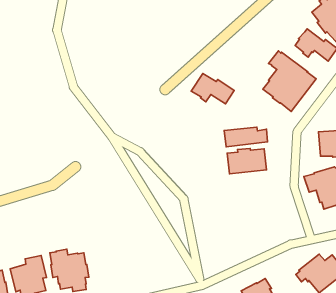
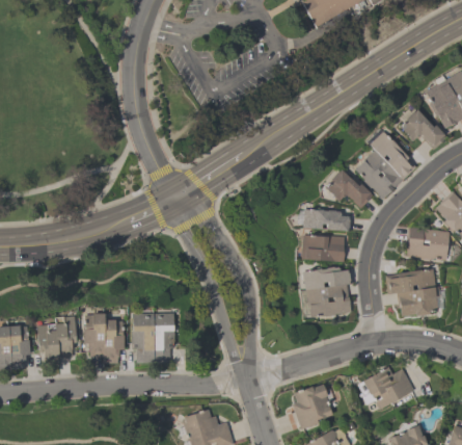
building: [191,74,234,104] -> [323,169,372,208]
building: none -> [302,267,353,317]
building: none -> [131,313,174,363]

